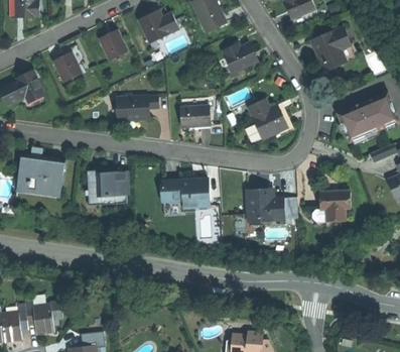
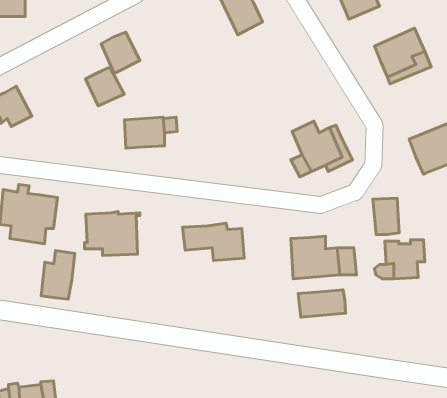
building: [137,10,178,44] -> none
building: [222,44,257,74] -> none
building: [51,52,82,83] -> [85,67,124,106]
building: [179,99,209,128] -> none
building: none -> [373,198,399,235]
building: none -> [41,251,75,299]
building: none -> [298,290,346,317]

